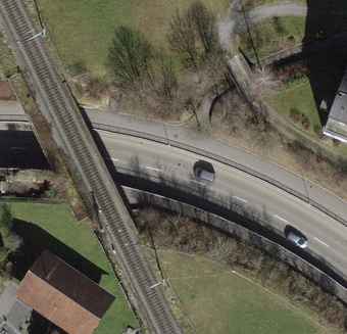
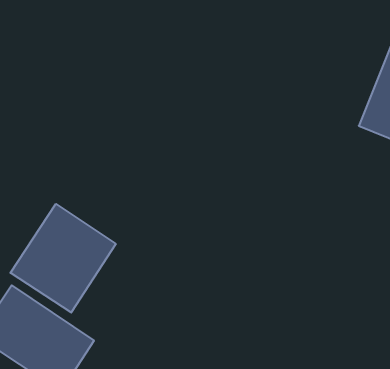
building: none -> [10,204,116,313]

